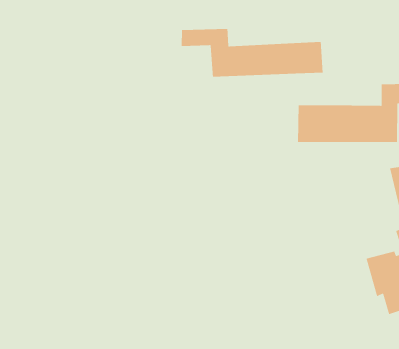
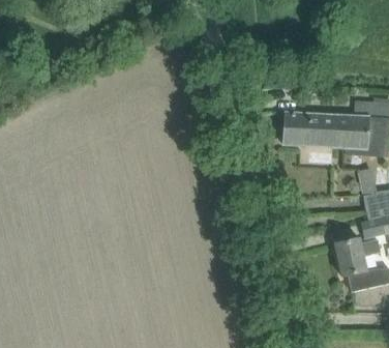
building: [181,28,324,78] -> none

